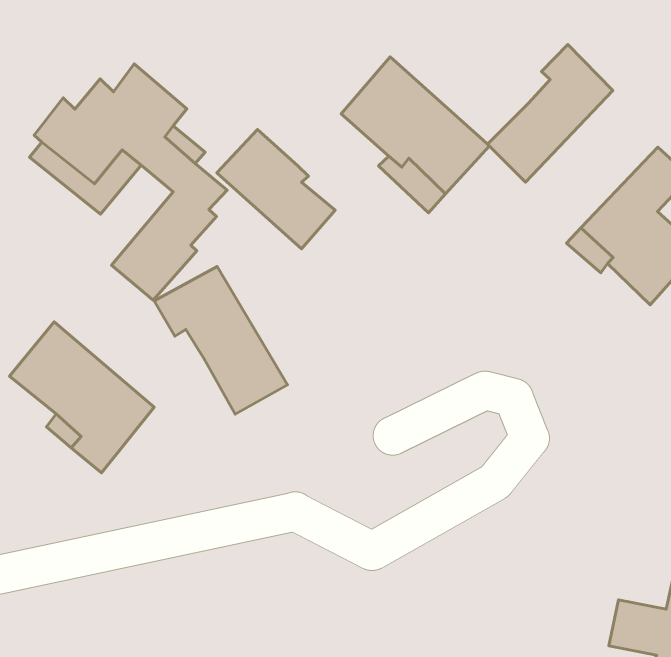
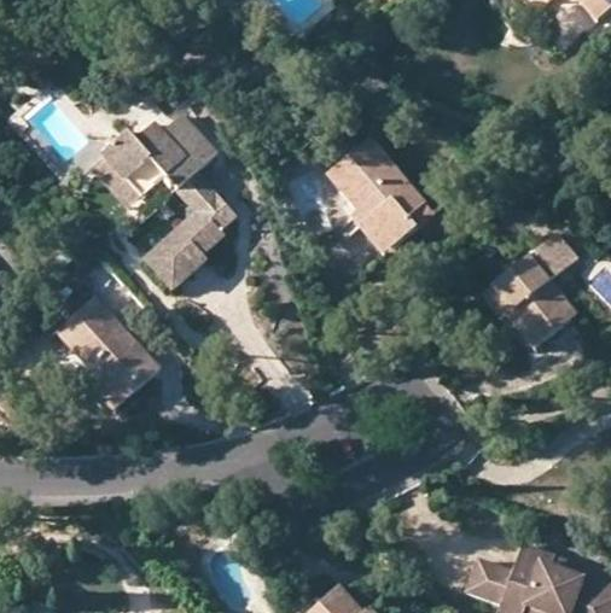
building: [488,44,613,182] -> none
building: [217,129,335,249] -> none
building: [154,266,287,414] -> none

